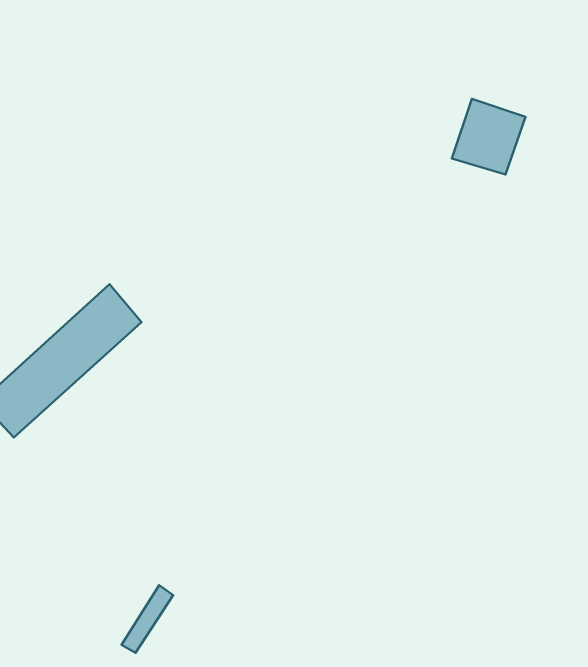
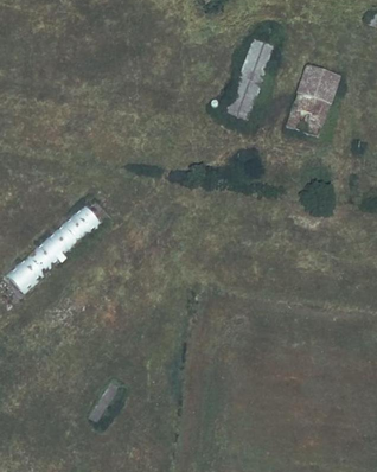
building: none -> [226,38,275,120]
building: none -> [298,66,338,102]

